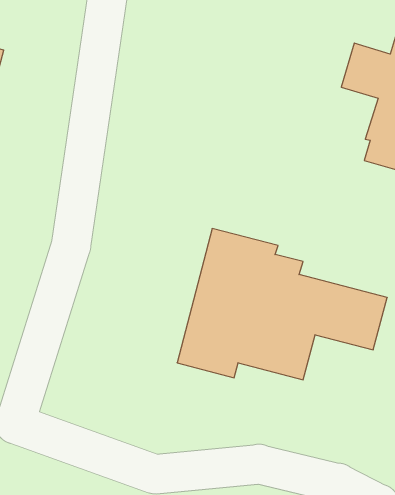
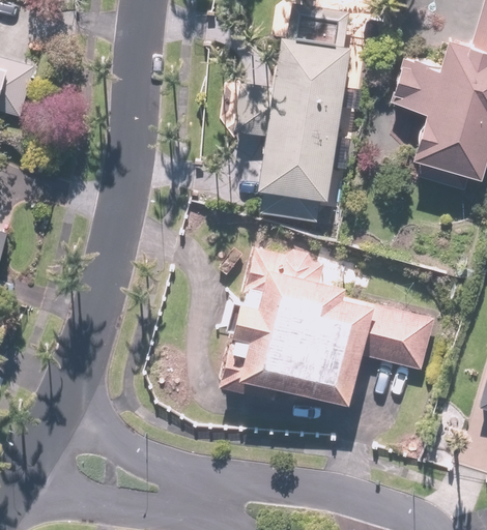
building: none -> [259,18,351,223]

